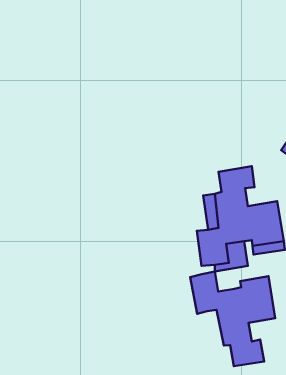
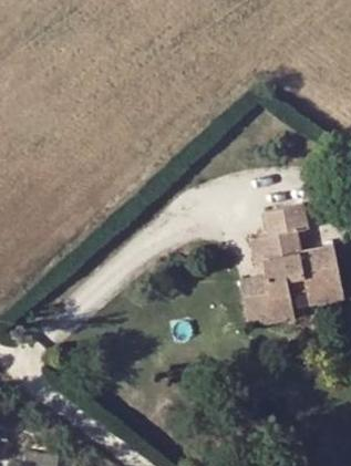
building: [190,272,275,366] -> none

